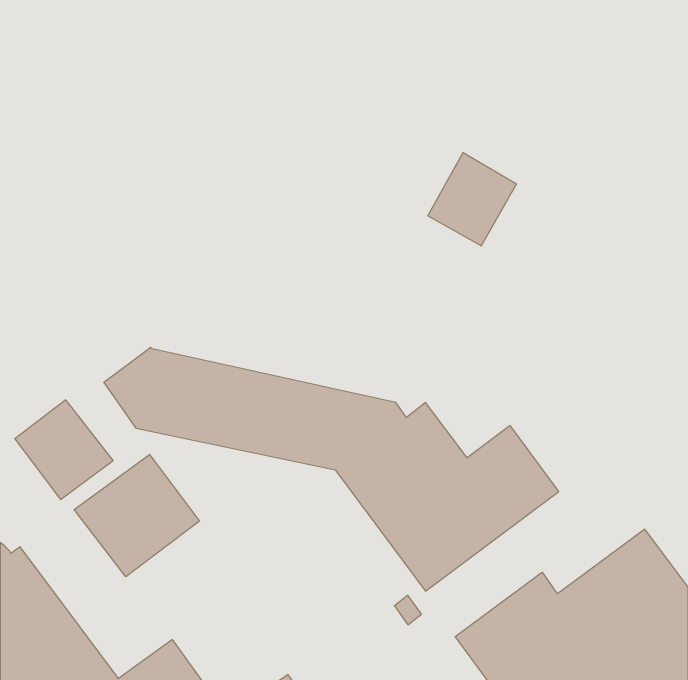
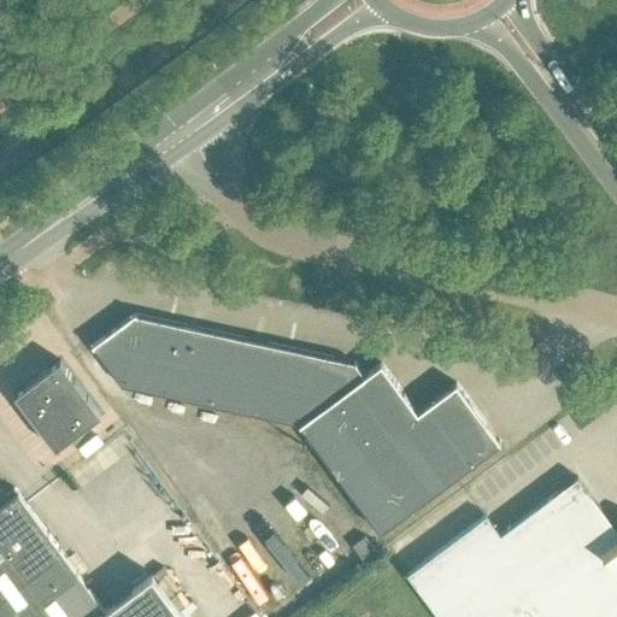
building: [428,153,516,246] -> none
building: [74,454,199,577] -> none

